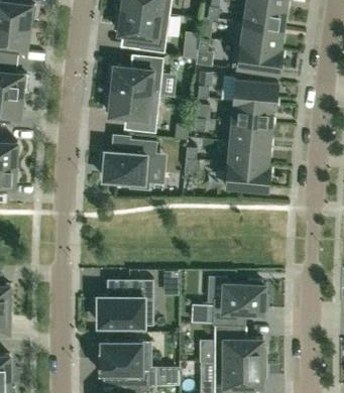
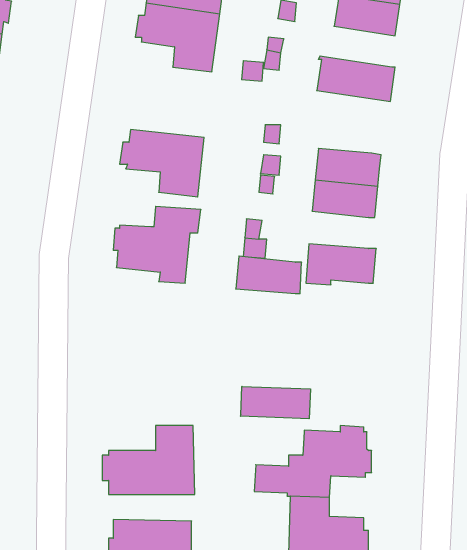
building: [234,22,282,49] -> none
building: [108,54,163,95] -> none
building: [233,80,277,106] -> none
building: [227,142,269,166] -> [236,256,302,294]
building: none -> [241,386,310,419]

